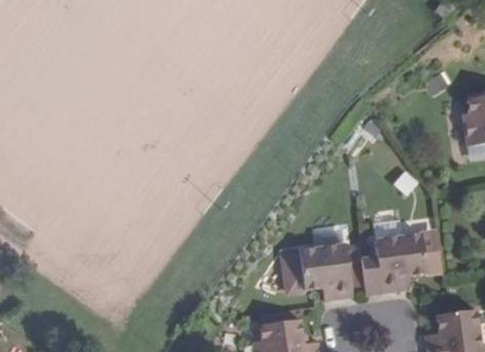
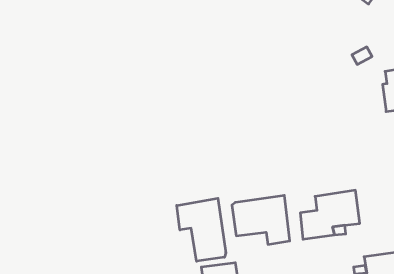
building: none -> [177,198,226,261]

